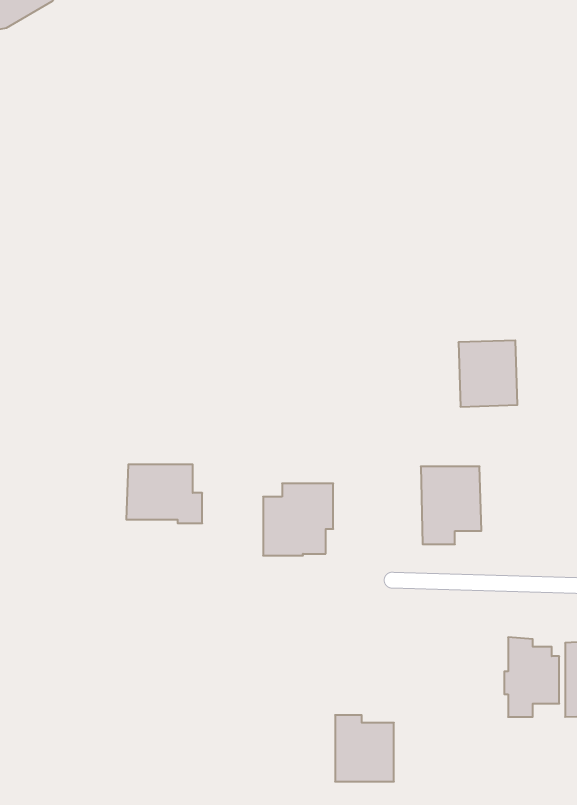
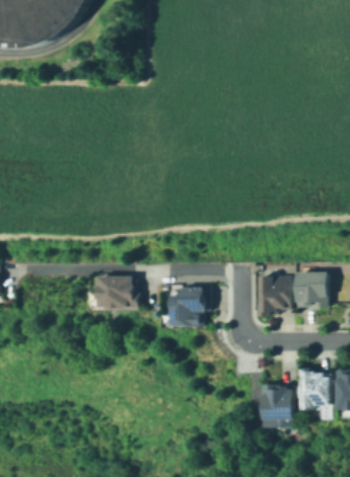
building: [458,340,517,407] -> [293,271,325,307]
building: [335,715,394,782] -> [263,383,294,418]

